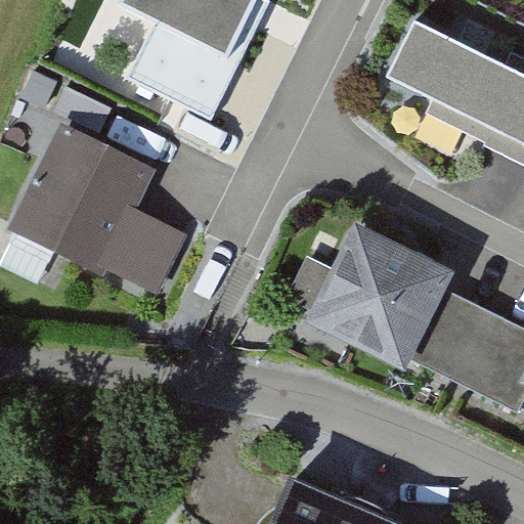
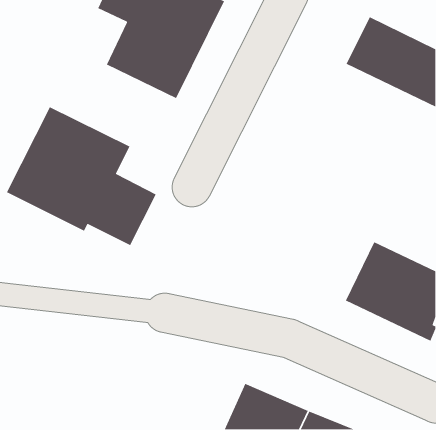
building: [306,226,454,376] -> none

